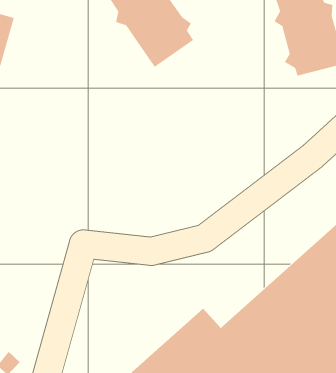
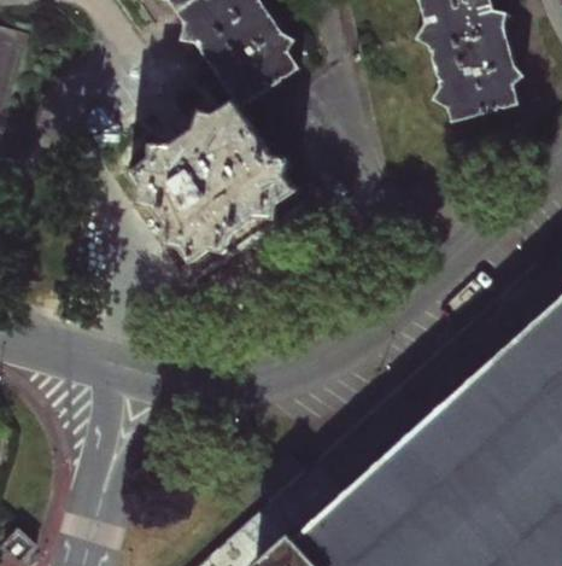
building: none -> [131,100,295,261]

